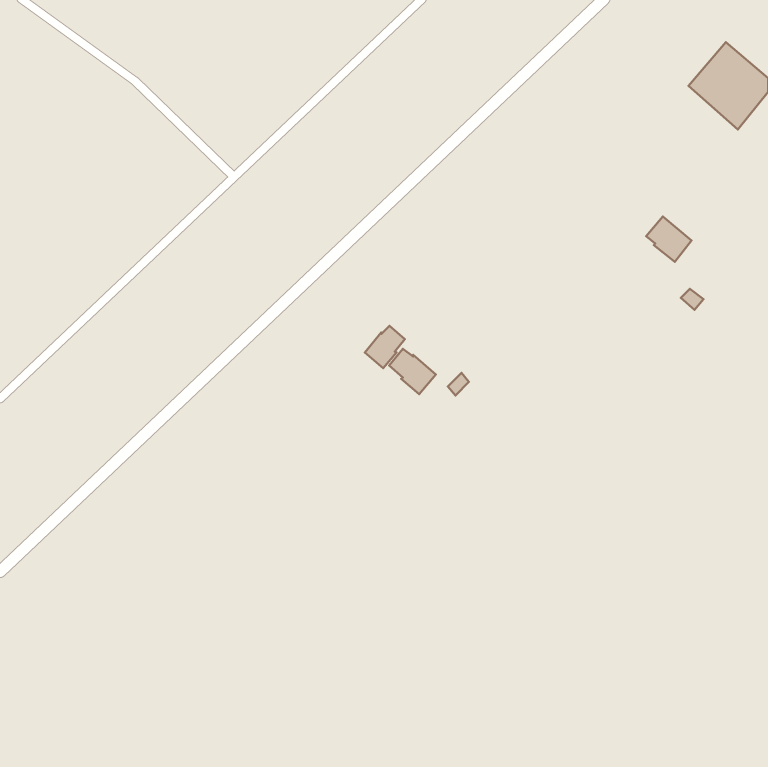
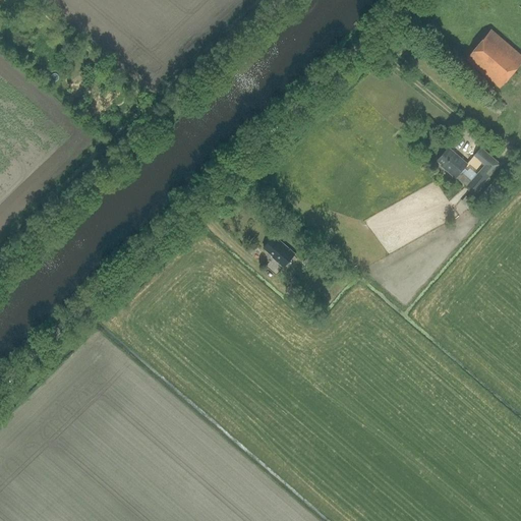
building: none -> [465,147,501,194]
building: [365,326,405,368] -> none

